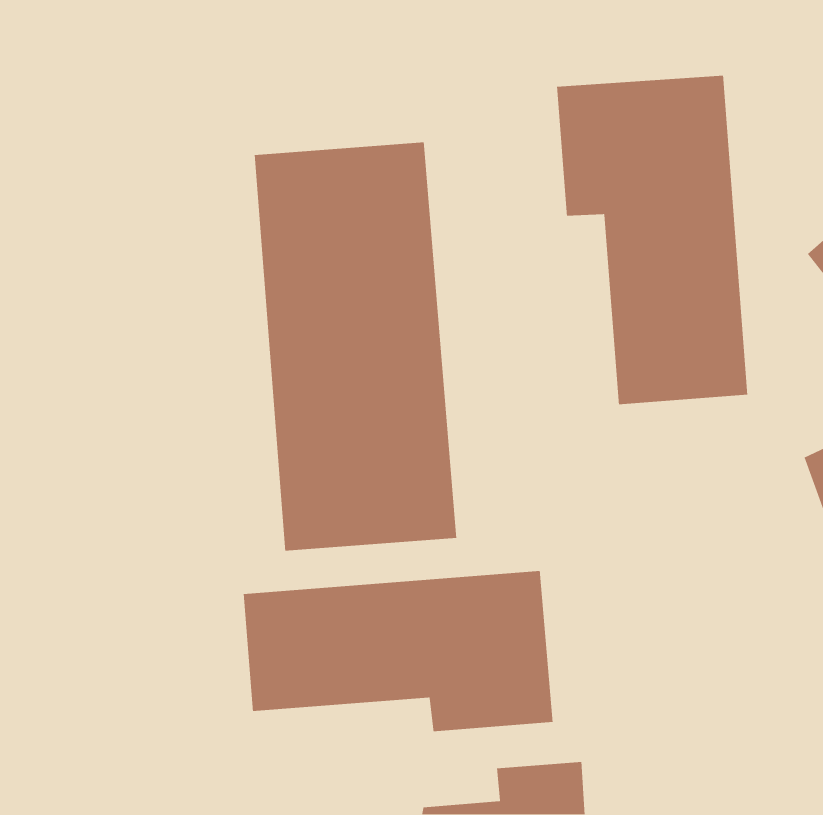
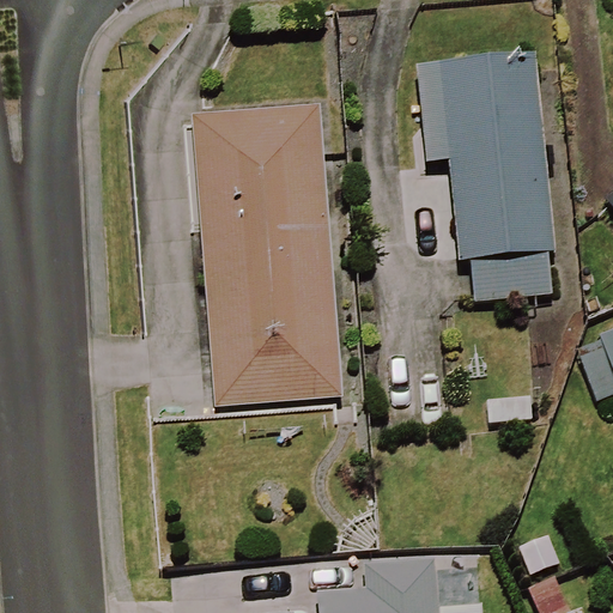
building: [243,570,554,732] -> none

